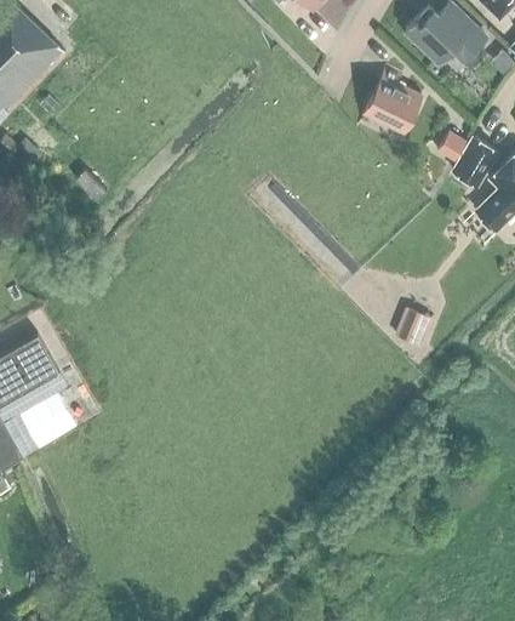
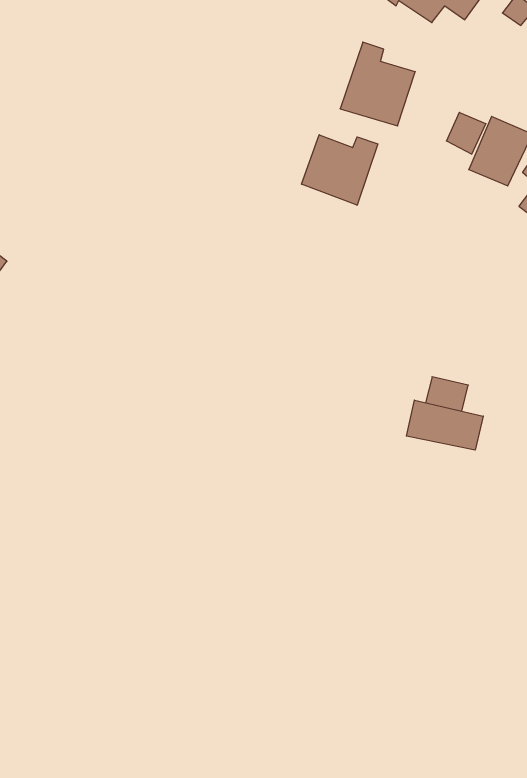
building: none -> [302,135,378,205]
building: none -> [406,400,483,450]

